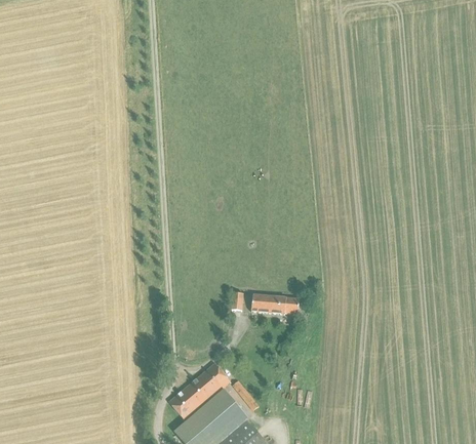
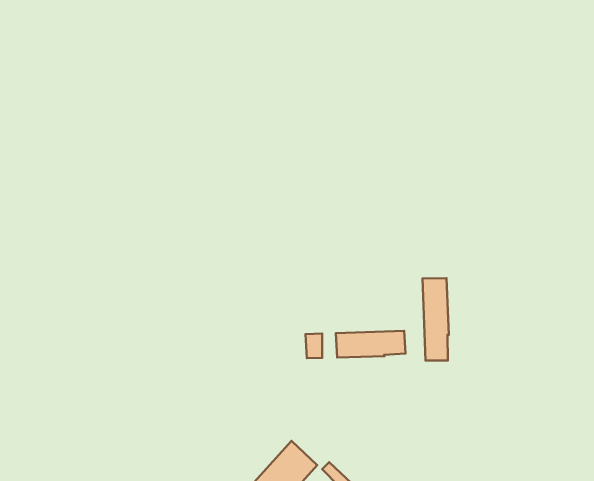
building: none -> [423,278,449,361]

